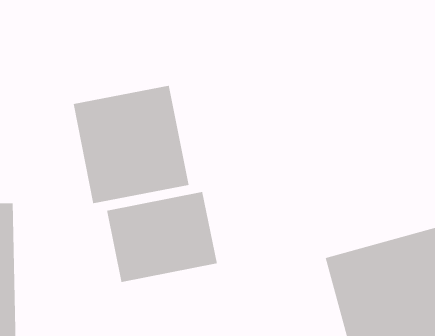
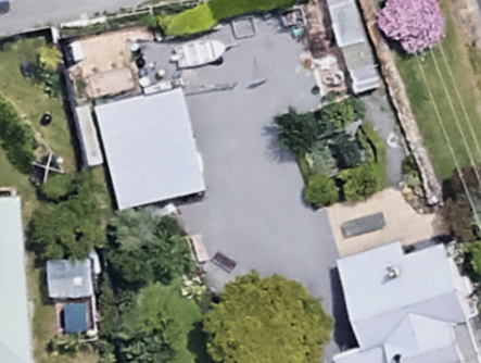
building: [106,191,217,283] -> none

